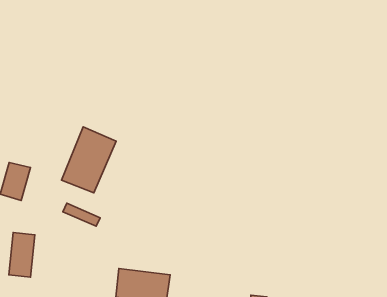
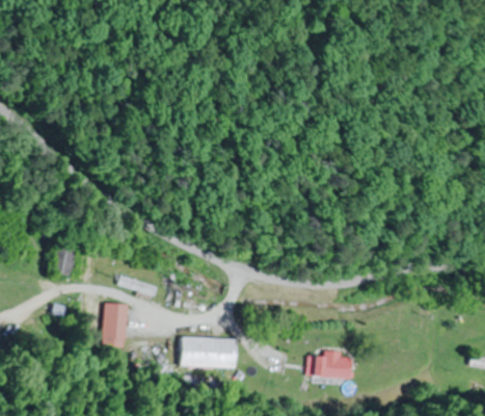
building: [61,127,116,193] -> none
building: [9,232,35,277] -> [105,304,128,348]

